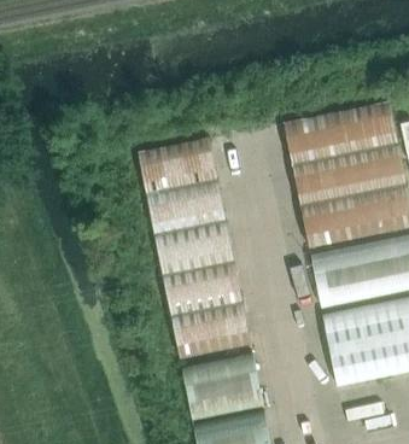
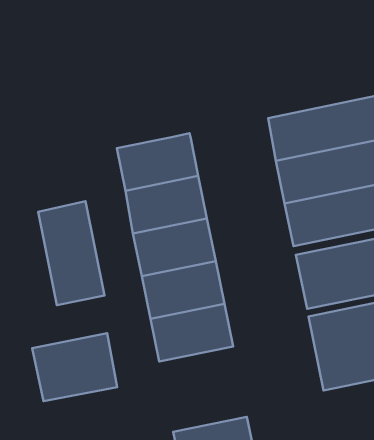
building: none -> [38,201,104,305]
building: [181,354,263,419] -> [32,333,117,401]

